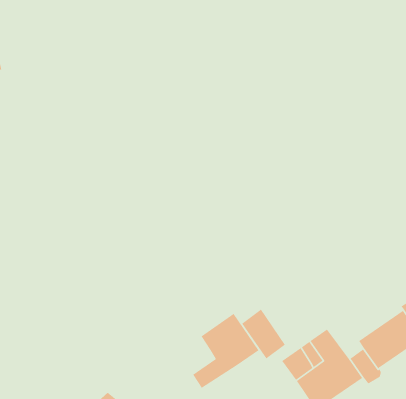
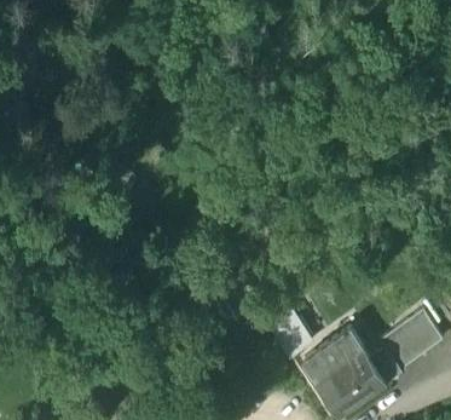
building: [192,313,260,389] -> none

